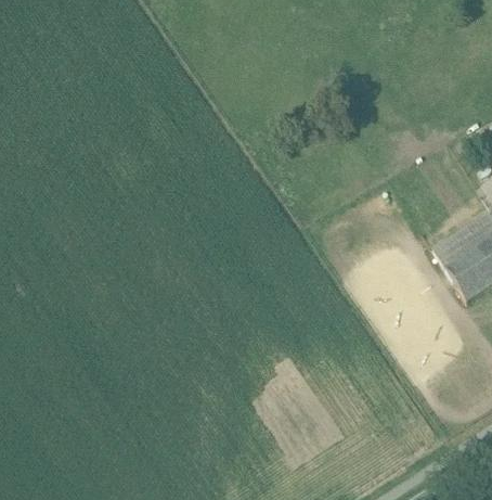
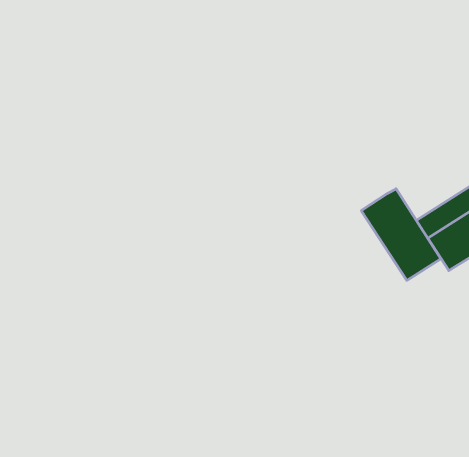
building: none -> [362,189,441,280]

